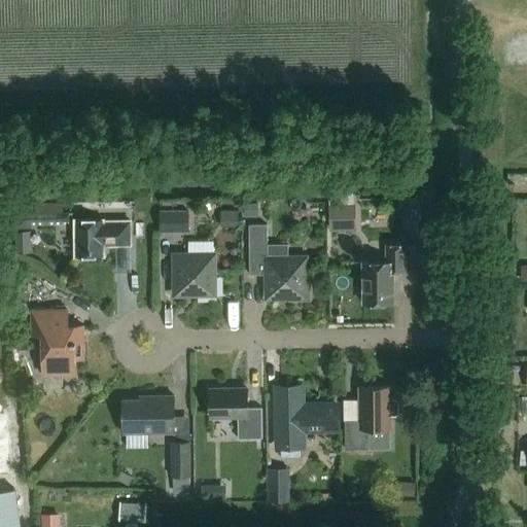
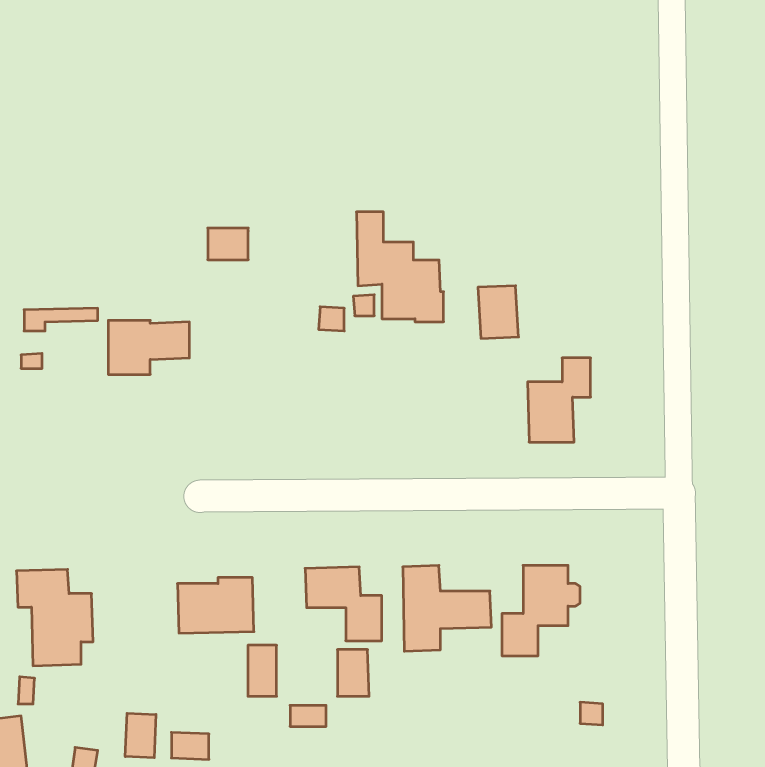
building: [159,212,186,234] -> [208,228,248,260]
building: [248,225,308,301] -> [356,212,444,322]
building: [173,255,216,297] -> none
building: [31,310,83,376] -> [16,569,93,666]
building: [267,470,288,502] -> [337,650,369,696]
building: none -> [125,713,156,758]

